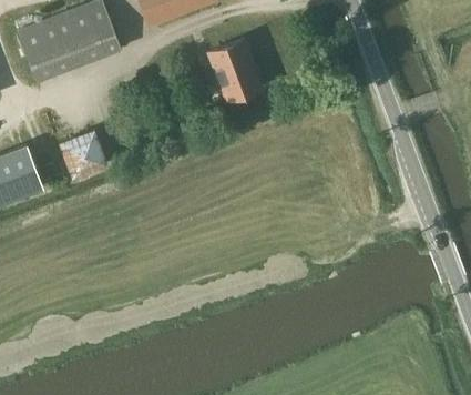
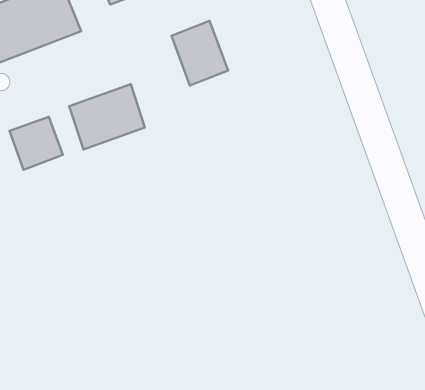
building: none -> [69,84,145,149]

